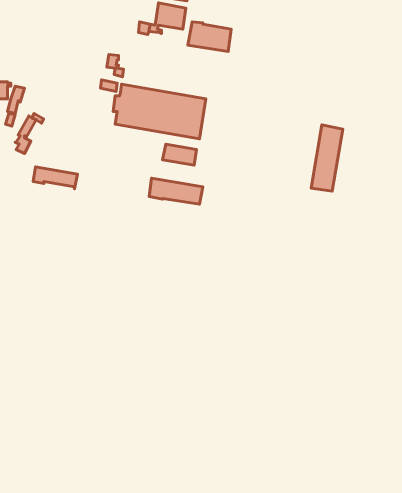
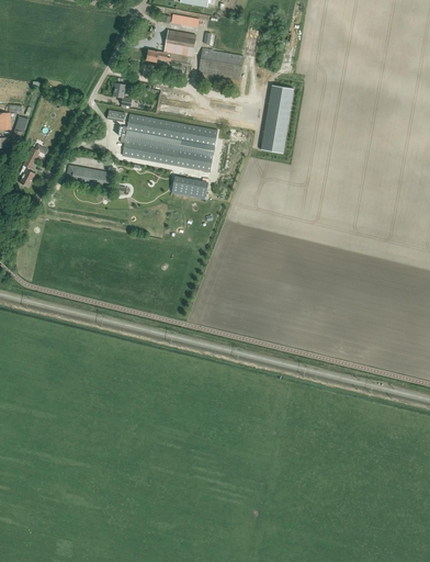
building: [311,125,343,191] -> [261,83,294,153]
building: [33,167,78,189] -> [67,165,113,188]
building: [149,178,203,204] -> none

